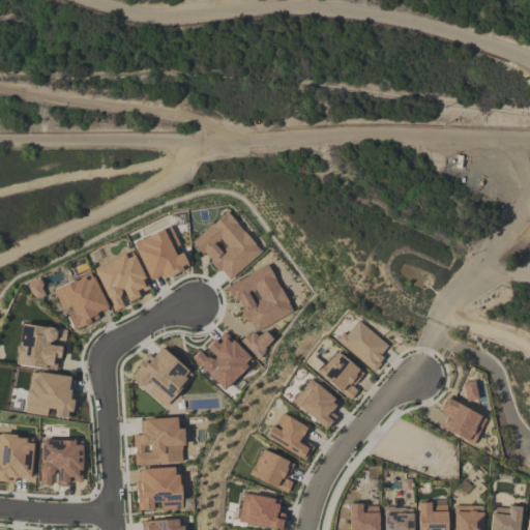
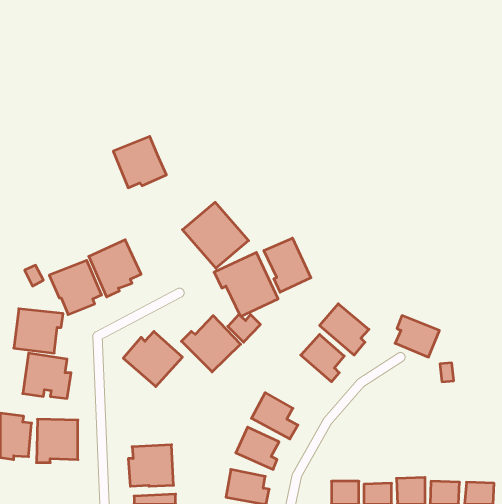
building: [135,227,190,281] -> [113,136,166,188]
building: none -> [264,238,311,292]
building: [293,379,340,430] -> none
building: [440,401,487,444] -> [395,316,439,357]
building: [135,417,185,465] -> none

